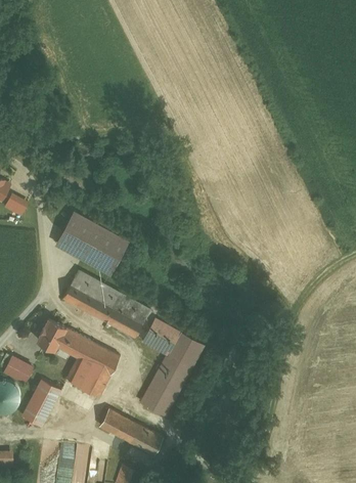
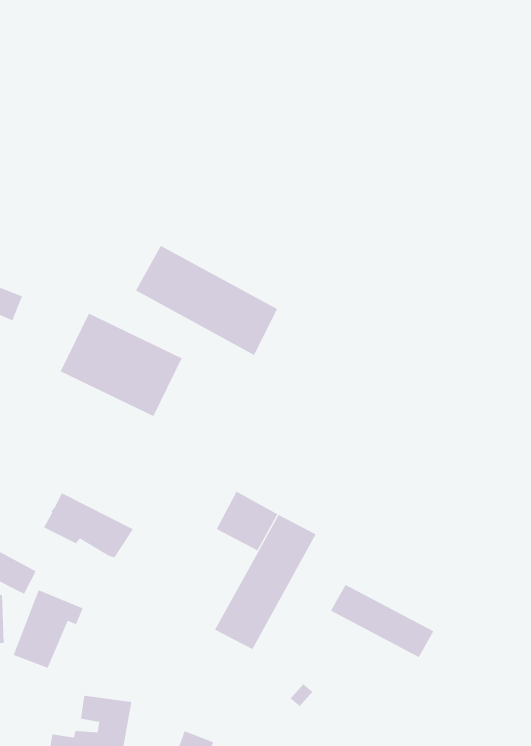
building: [63,270,150,338] -> [135,245,278,356]
building: [68,342,121,395] -> none
building: [100,409,164,454] -> [330,584,434,658]

